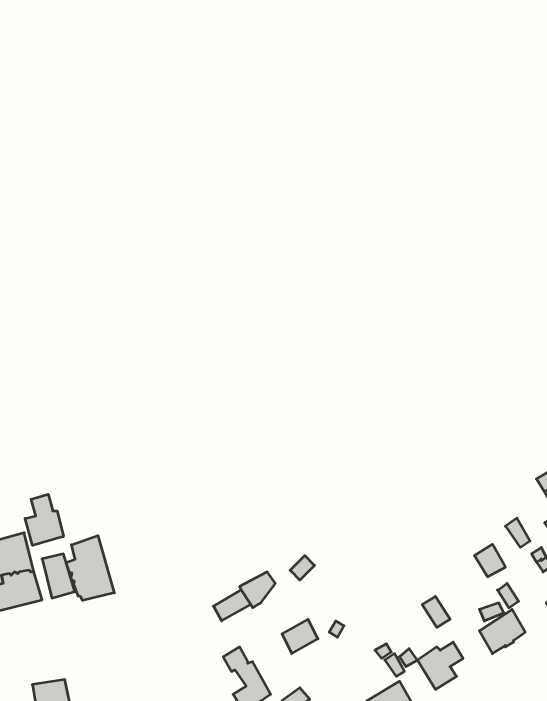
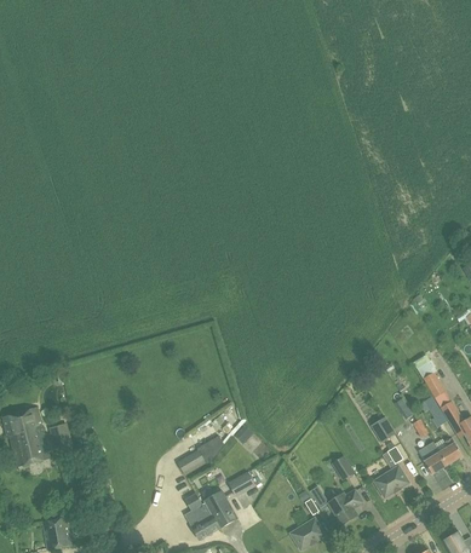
building: [25,494,63,545] -> none
building: [66,536,114,600] -> none
building: none -> [205,490,236,528]

